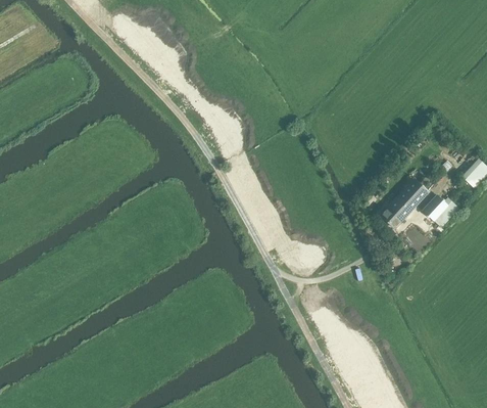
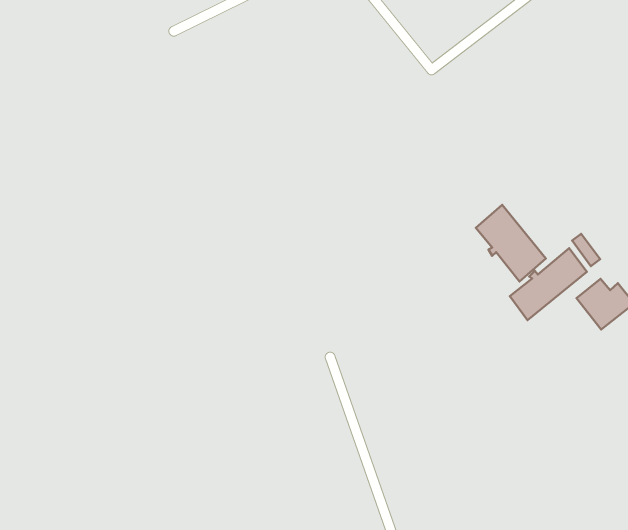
building: none -> [476,205,546,281]

